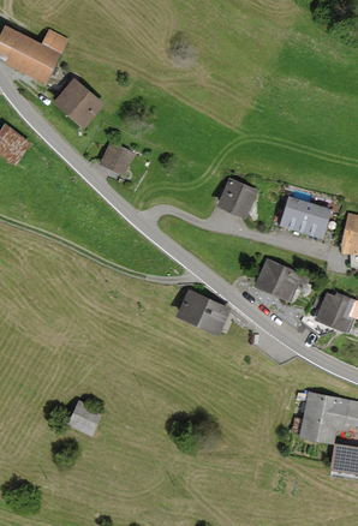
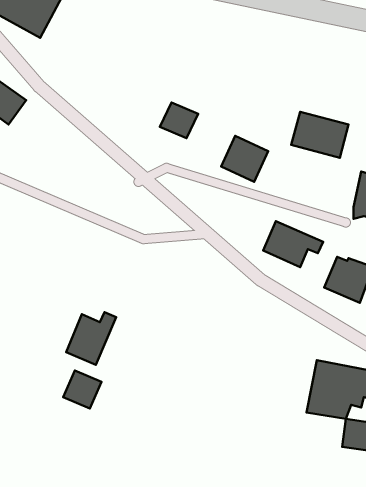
building: [52,77,106,131] -> none
building: [100,142,136,175] -> [160,102,198,138]
building: [279,196,333,239] -> [291,112,349,158]
building: [177,289,232,337] -> none
building: none -> [66,312,116,365]

